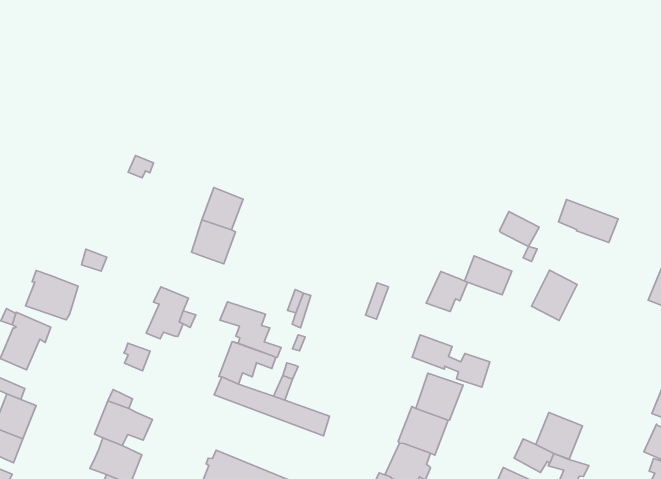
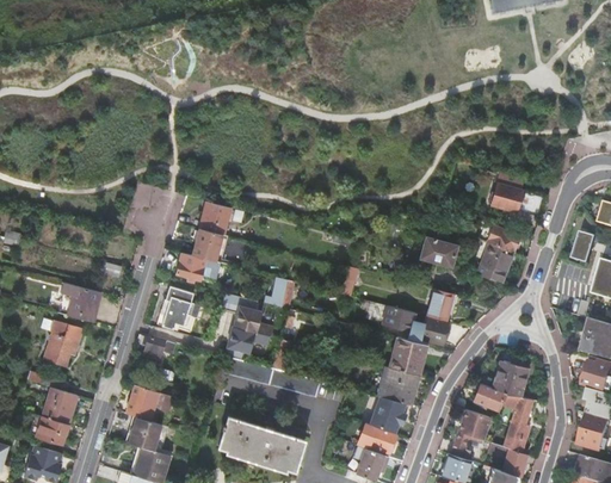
building: [500,211,539,247] -> [487,225,519,253]
building: none -> [175,254,205,281]
building: [426,271,467,311] -> [425,289,457,321]

